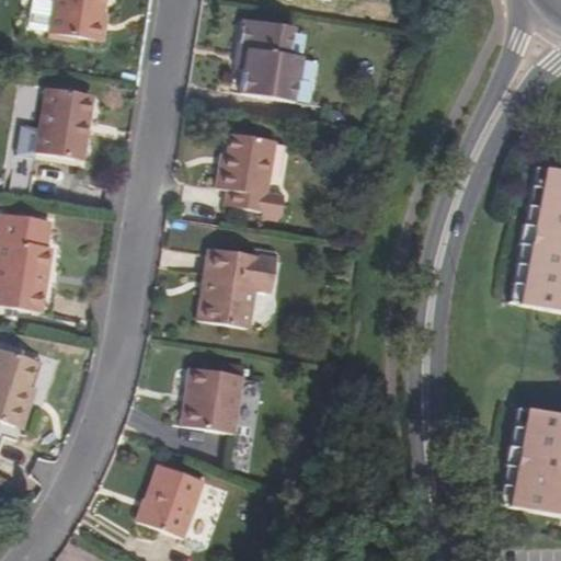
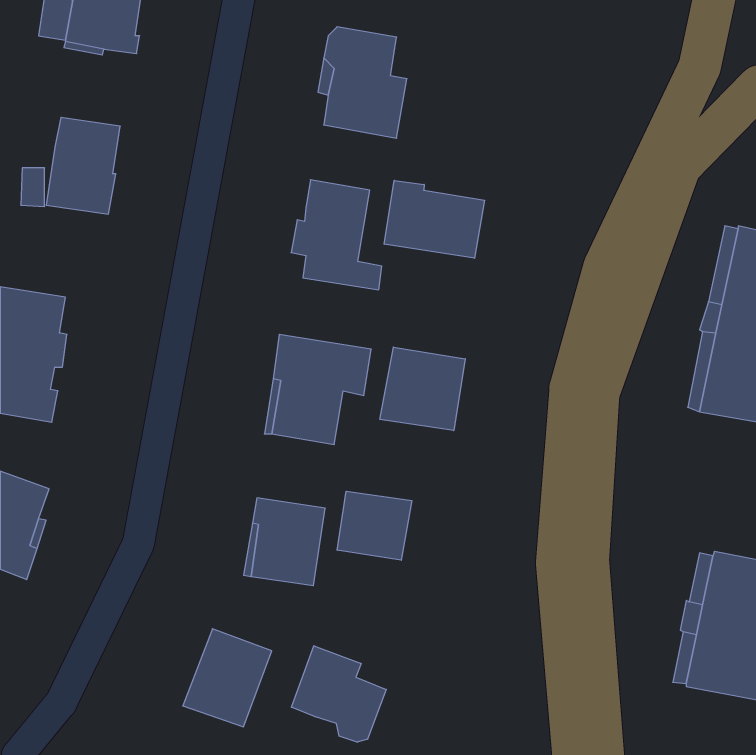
building: none -> [384,180,484,258]
building: none -> [380,347,465,431]
building: none -> [337,491,412,560]
building: none -> [291,646,386,742]

